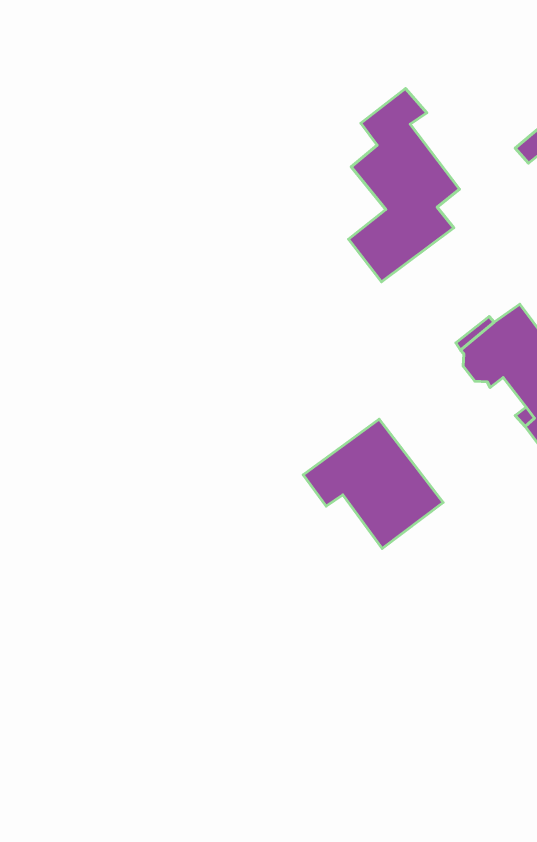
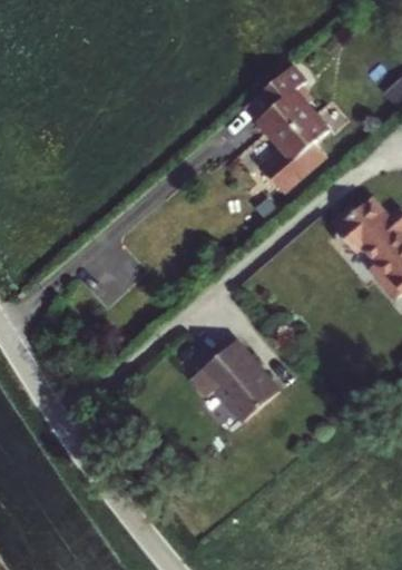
building: [303,419,443,549] -> [193,338,282,420]

